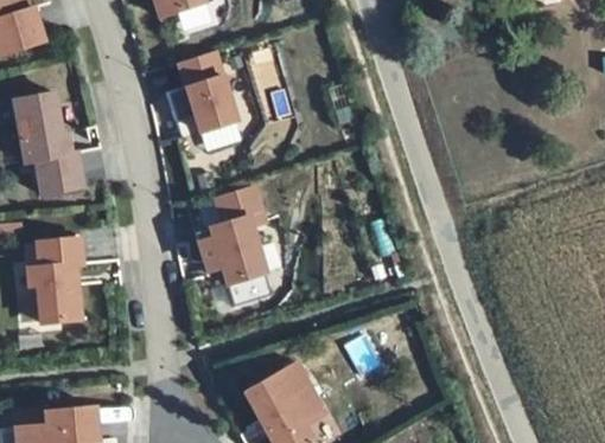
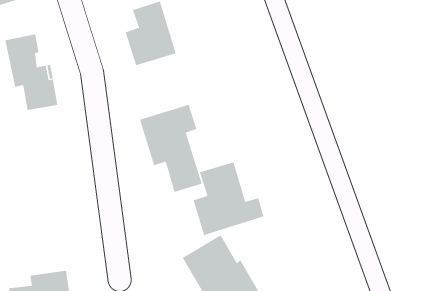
building: [27,236,83,322] -> none
building: none -> [193,161,264,236]

